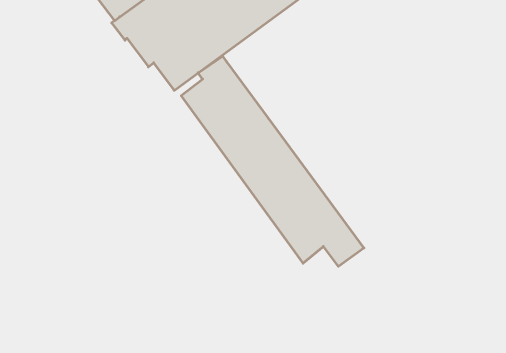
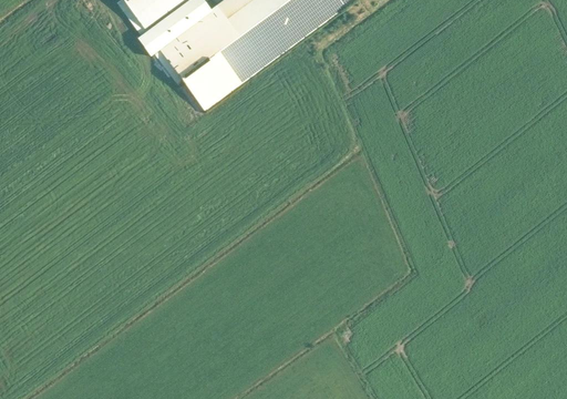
building: [181,56,364,266] -> none

